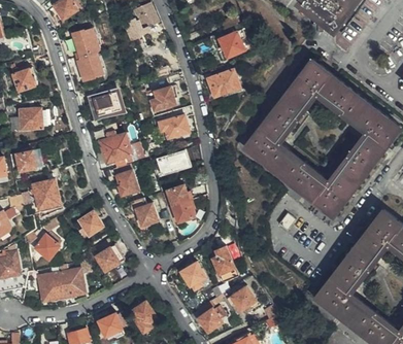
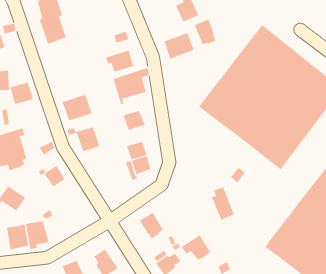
building: none -> [194,19,216,45]
building: [92,93,117,117] -> [10,82,34,105]
building: [130,198,157,225] -> none
building: [96,245,124,271] -> none
building: [213,246,238,282] -> [211,187,234,220]

